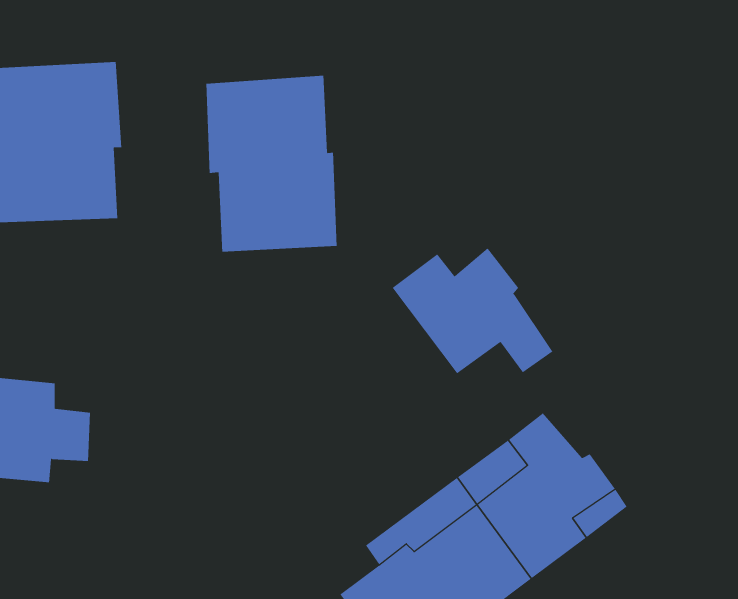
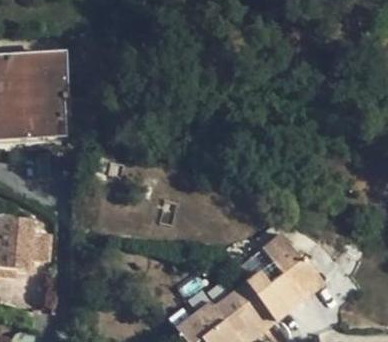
building: [206,75,337,253] -> none
building: [392,247,553,374] -> none

